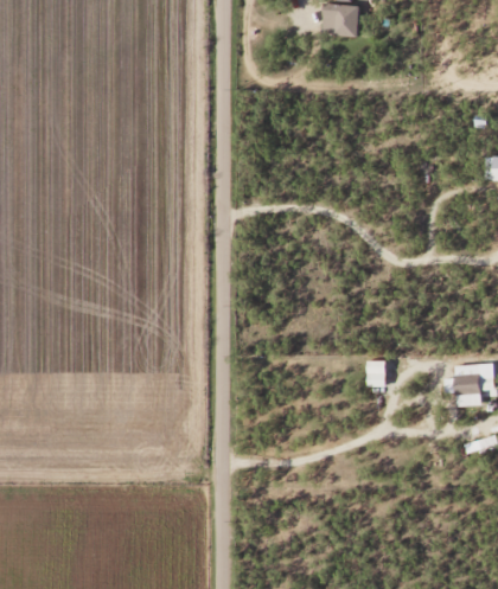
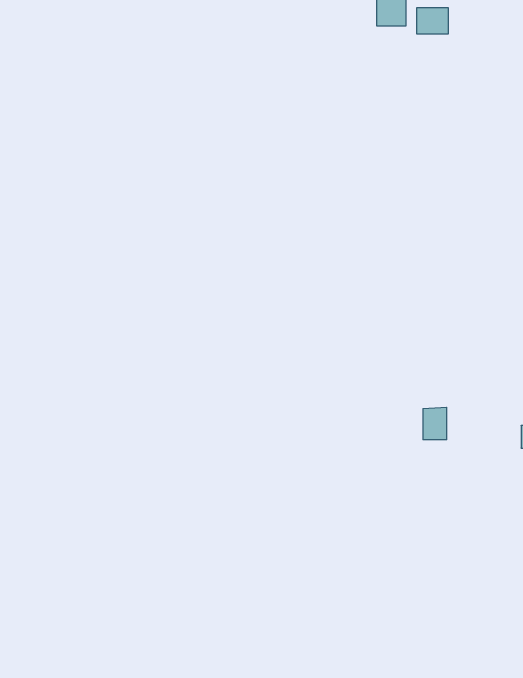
building: none -> [417,8,448,34]

